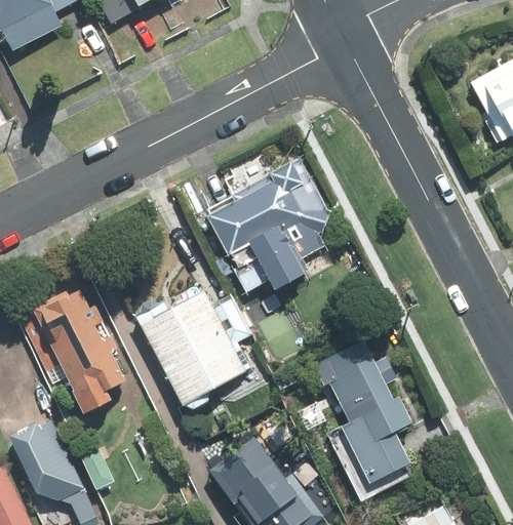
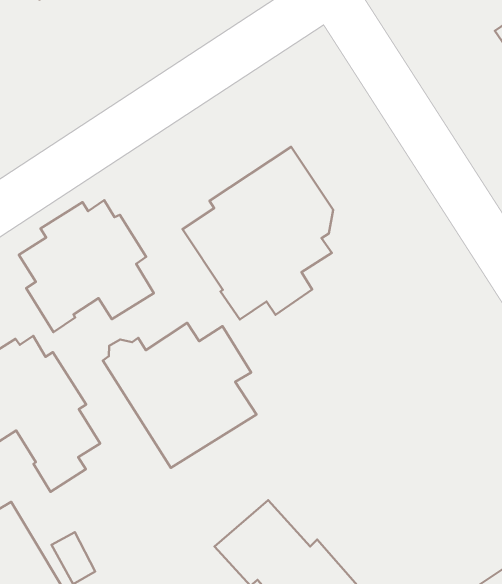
building: none -> [19,200,154,332]
building: [311,340,412,486] -> none

